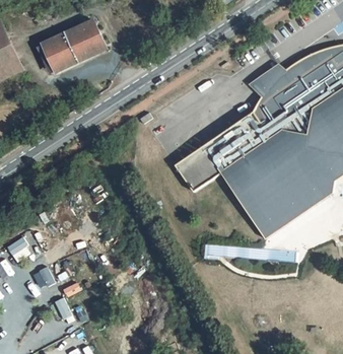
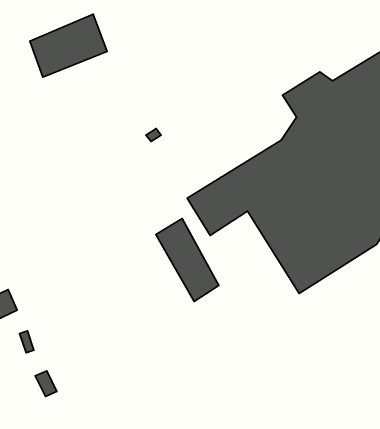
building: none -> [156,219,219,301]

